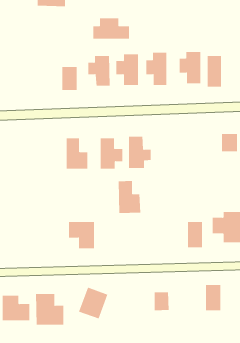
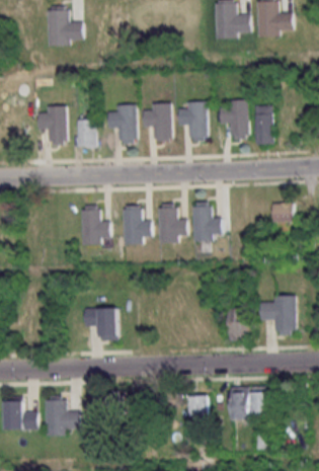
building: [93,17,130,39] -> none
building: none -> [38,105,66,146]
building: [118,180,141,214] -> [192,202,221,242]
building: none -> [230,386,249,420]

